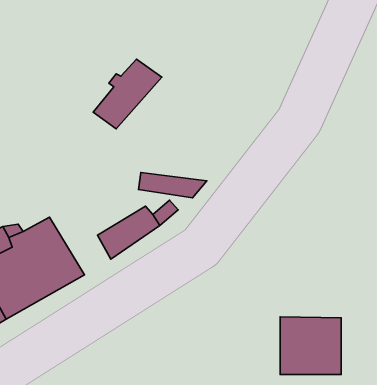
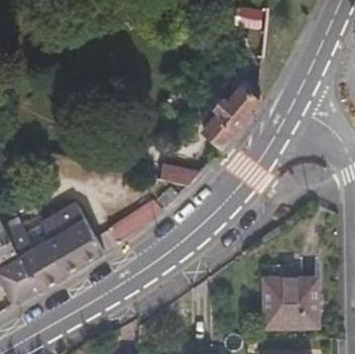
building: [93,59,162,129] -> [202,92,259,150]

